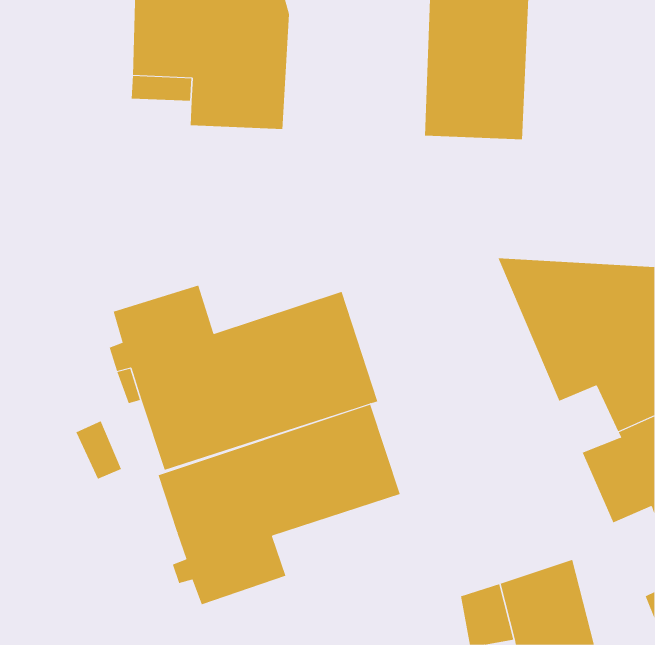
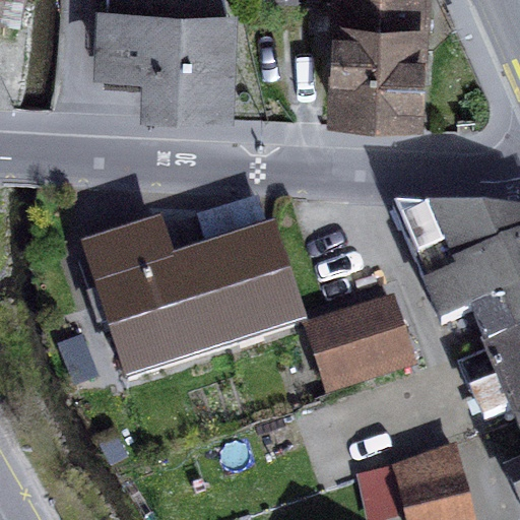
building: none -> [309,297,411,387]
building: [158,404,400,605] -> none

